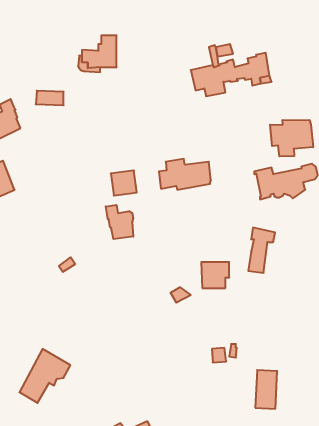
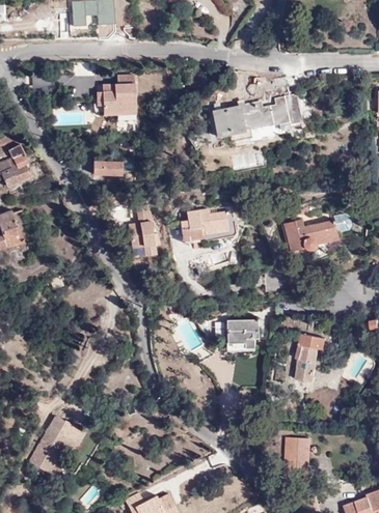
building: [36,91,64,105] -> [93,159,124,174]
building: [270,120,313,156] -> none
building: [106,205,133,239] -> none
building: [248,228,275,273] -> [296,333,325,381]

